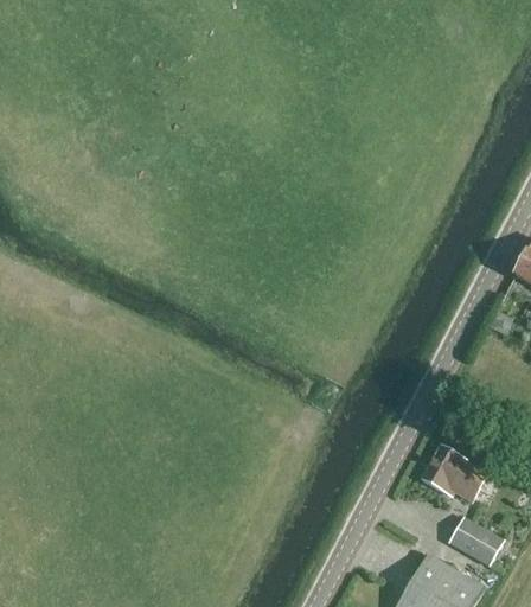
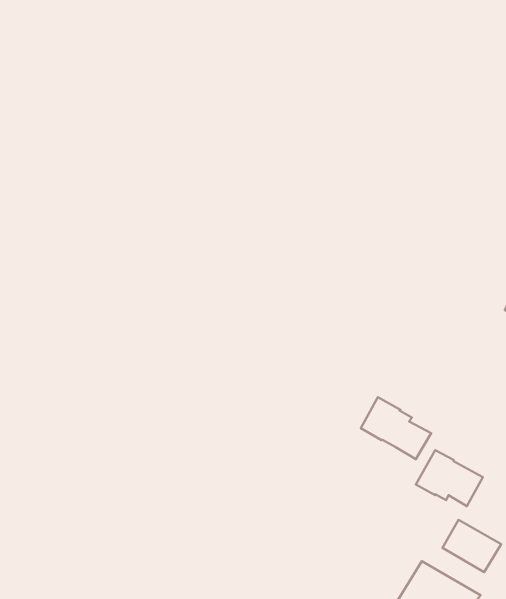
building: none -> [361,397,431,459]

